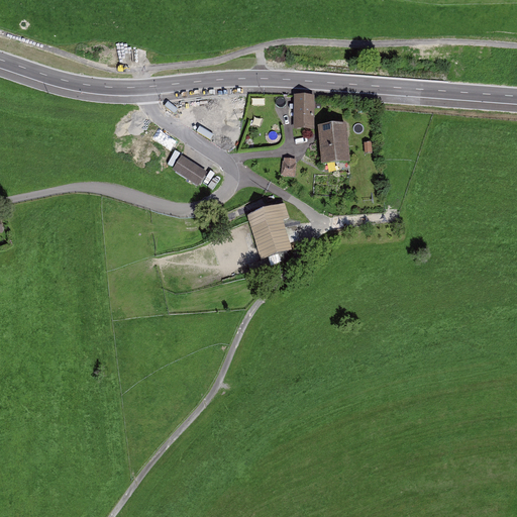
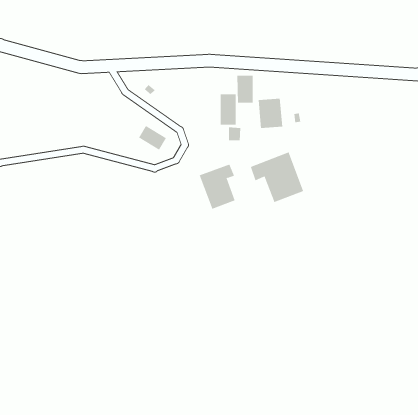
building: none -> [220,93,236,125]
building: none -> [250,152,304,203]

